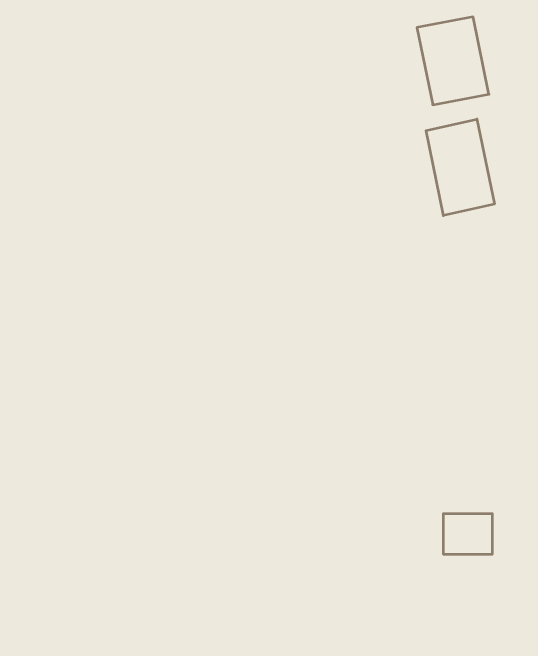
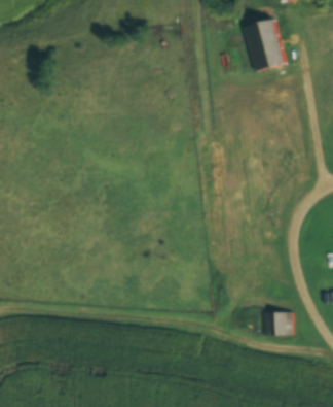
building: [426,119,494,216] -> none

